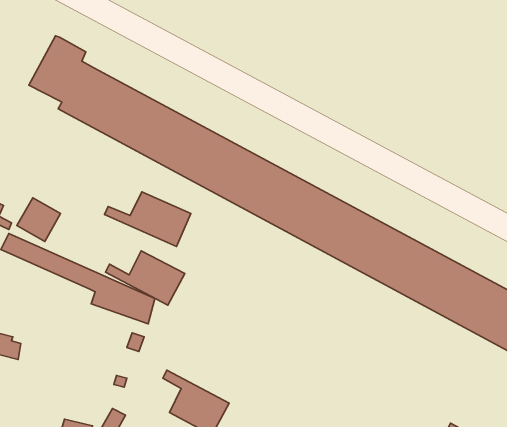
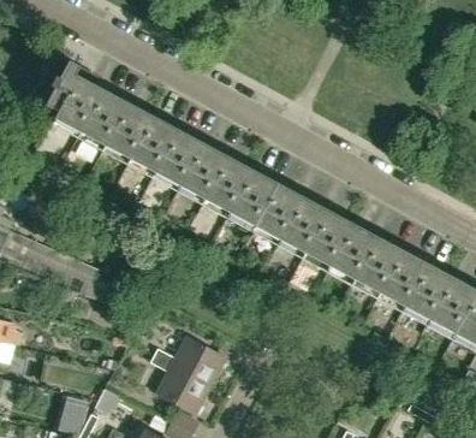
building: [104,192,191,247] -> none
building: [105,251,185,305] -> [154,336,226,385]

